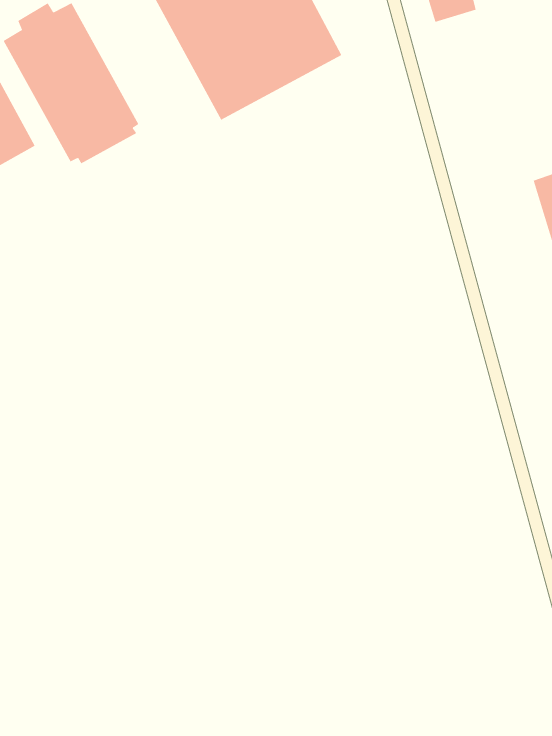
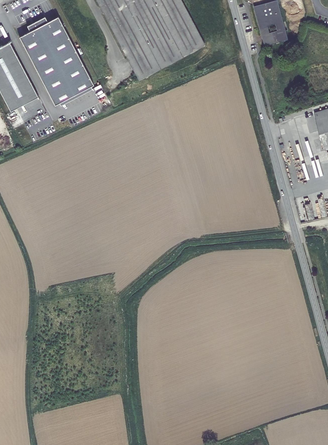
building: none -> [258,20,287,47]

